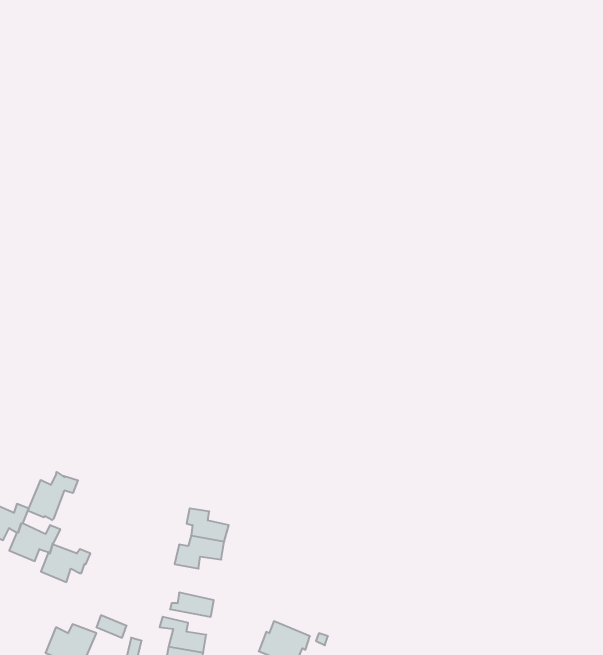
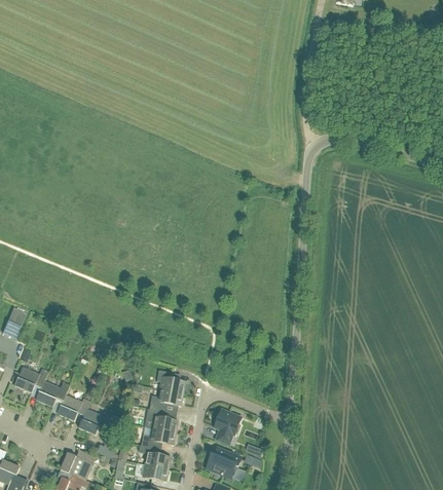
building: [28,472,78,520] -> none
building: none -> [78,409,111,435]
building: none -> [146,409,177,434]
building: none -> [214,411,241,444]

